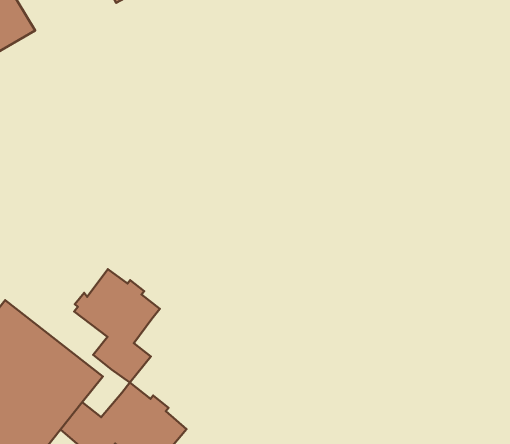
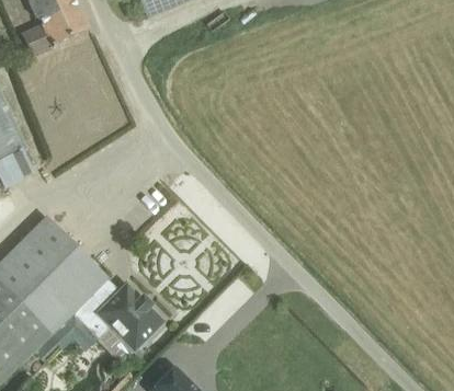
building: [74,269,160,383] -> none

